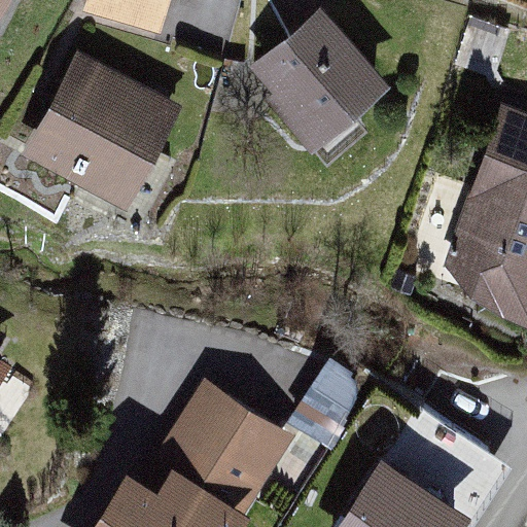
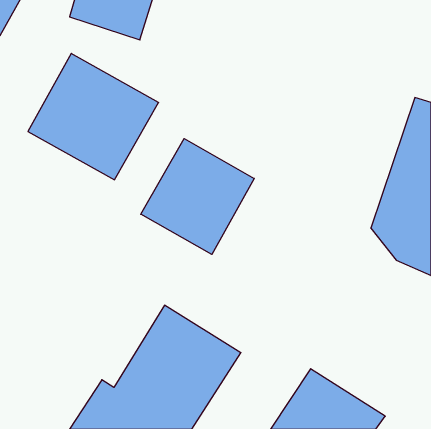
building: [256,24,399,167] -> none
building: none -> [141,139,254,254]

